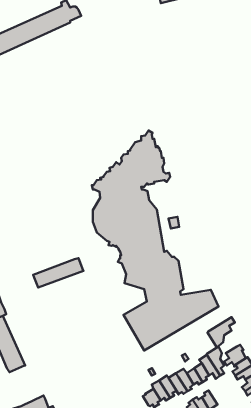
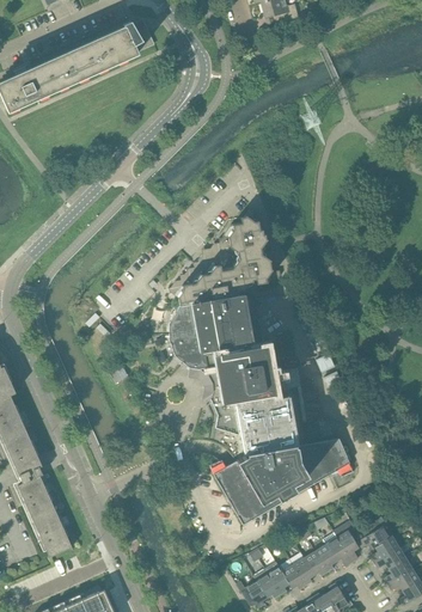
building: [33,258,84,287] -> none
building: [208,317,235,347] -> none

